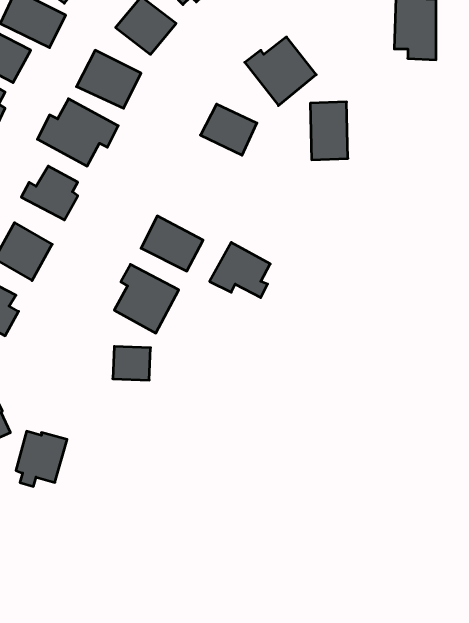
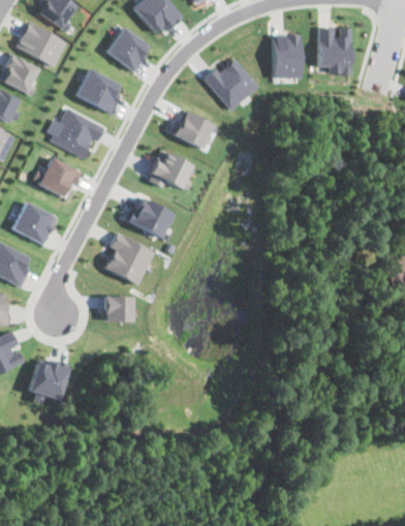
building: [310,102,348,160] -> [273,34,302,79]
building: [210,242,270,298] -> [146,149,192,191]

